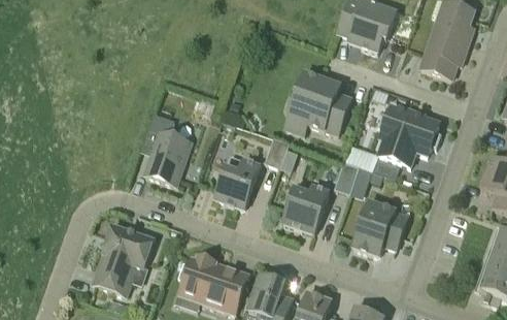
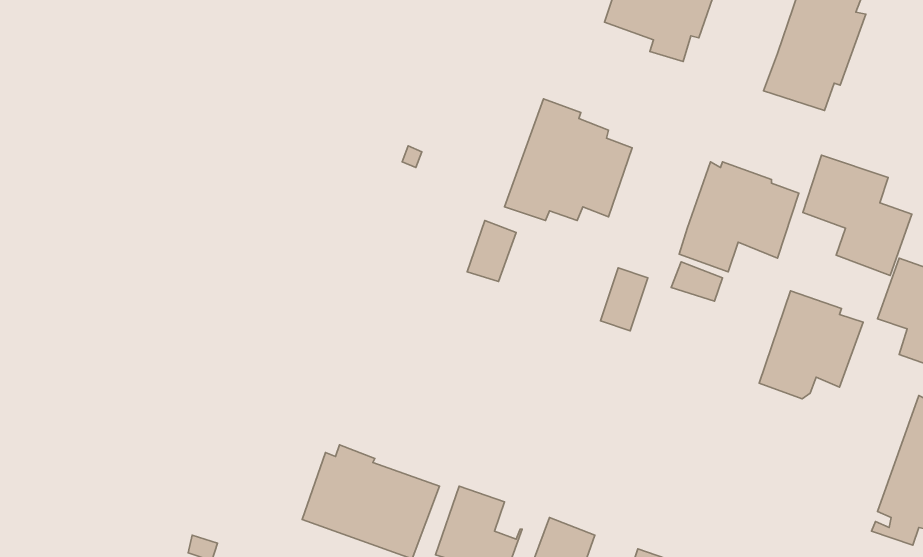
building: none -> [803,155,912,275]
building: [145,111,191,185] -> none
building: [215,153,261,207] -> none
building: [283,184,330,230] -> none
building: [353,198,408,255] -> [759,291,863,399]
building: [93,224,153,294] -> none

